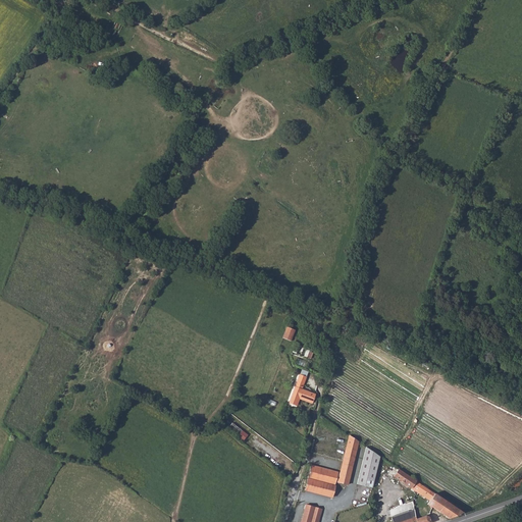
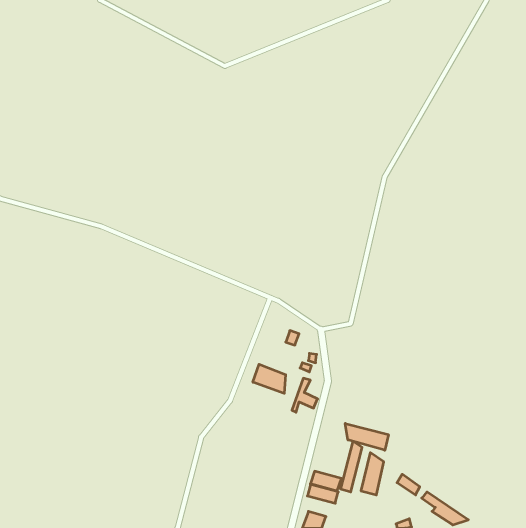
building: none -> [253,364,286,393]
building: none -> [345,423,388,450]

